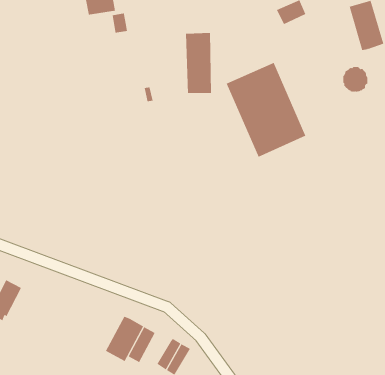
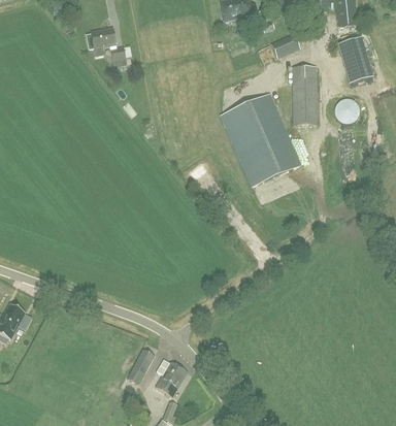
building: [185,33,212,94] -> [291,65,317,124]
building: [105,316,144,362] -> none

